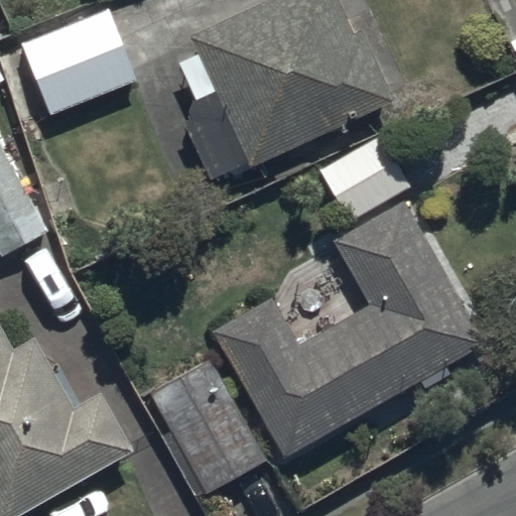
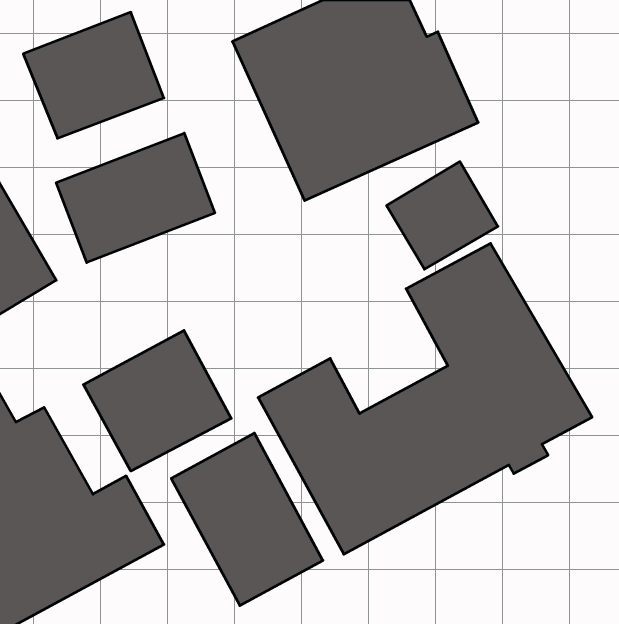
building: none -> [56,133,215,263]
building: none -> [83,330,231,471]

